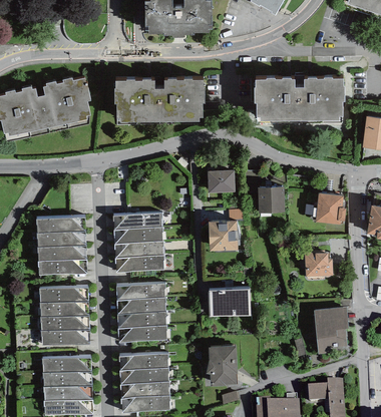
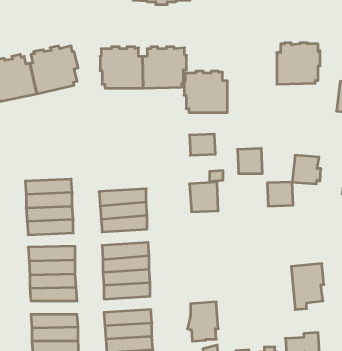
building: [254,75,299,118] -> [184,71,227,112]
building: [112,214,162,231] -> none
building: [305,251,332,276] -> [267,182,293,206]
building: [209,290,251,317] -> none

